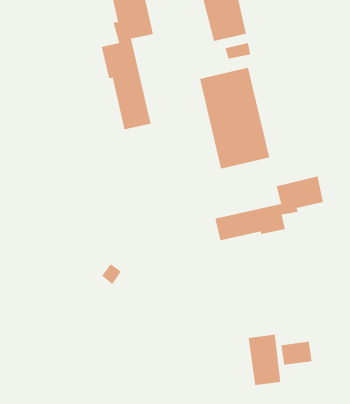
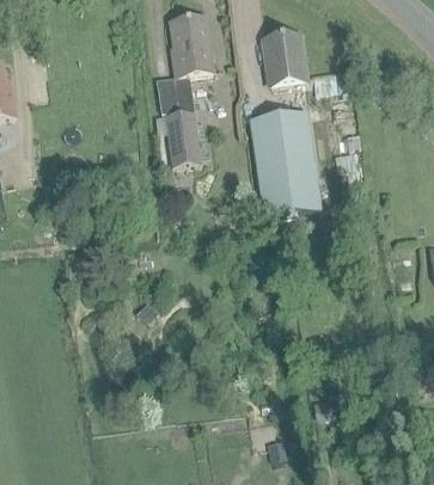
building: [215,176,324,241] -> none
building: [248,334,281,386] -> none

